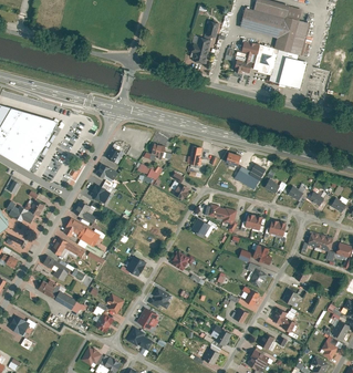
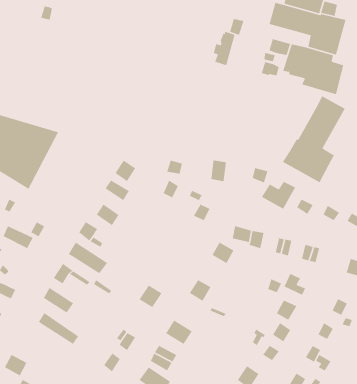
building: none -> [282,95,346,184]

